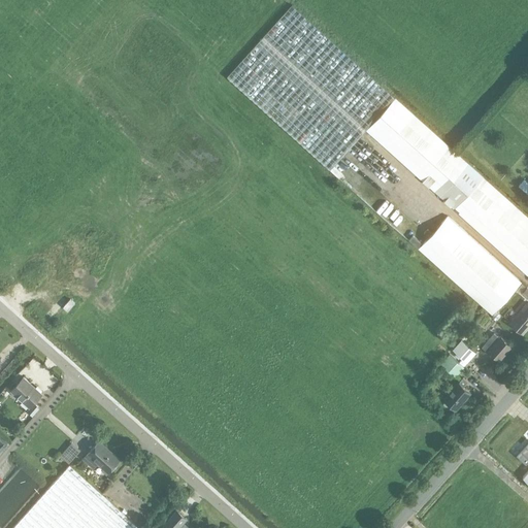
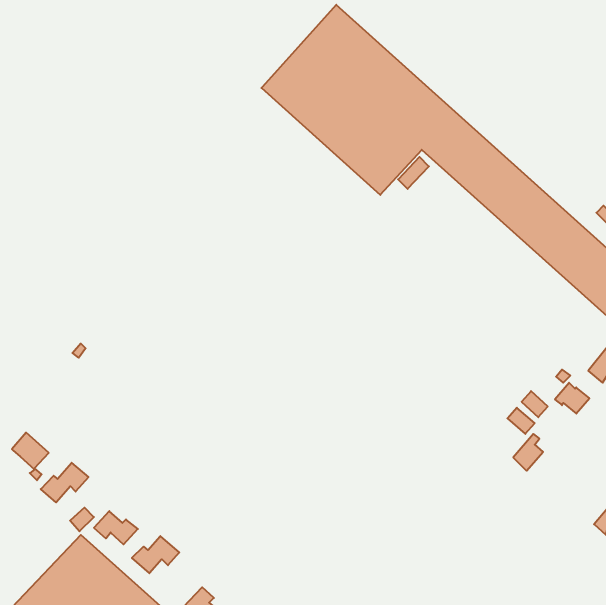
building: [419,217,522,317] -> none
building: none -> [41,463,88,502]
building: none -> [132,536,179,573]

